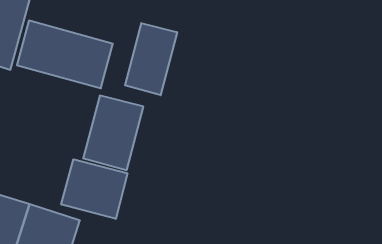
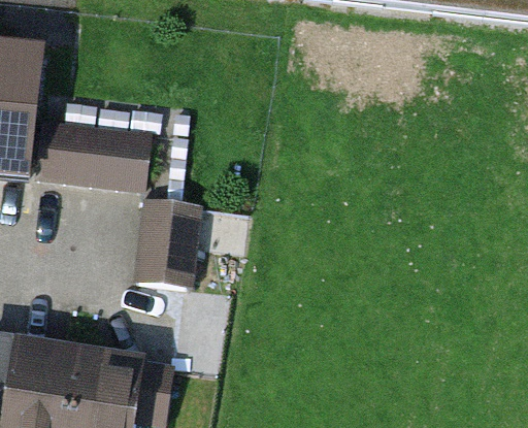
building: [125,23,177,95] -> none
building: [61,159,127,219] -> none

